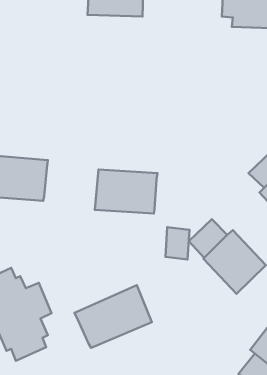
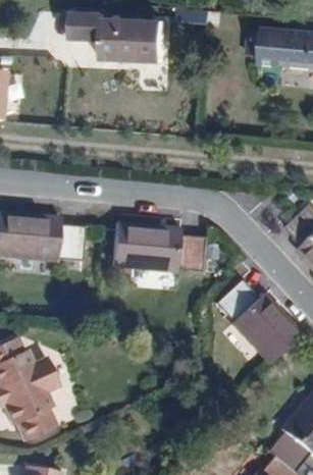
building: none -> [56,224,85,257]
building: [165,227,189,259] -> [178,236,205,272]
building: [74,285,152,348] -> none

